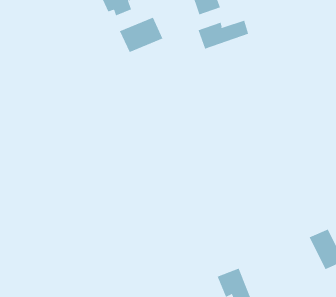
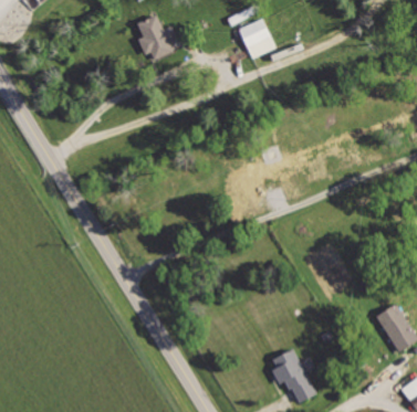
building: [119,17,163,53] -> none
building: [198,20,249,49] -> none

